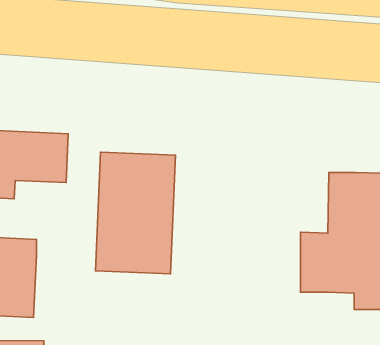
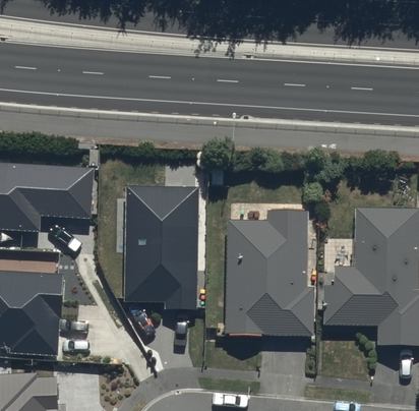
building: none -> [226,210,315,335]

